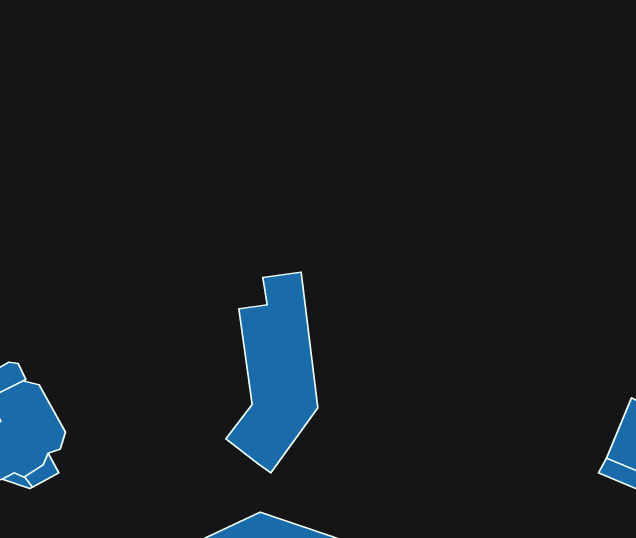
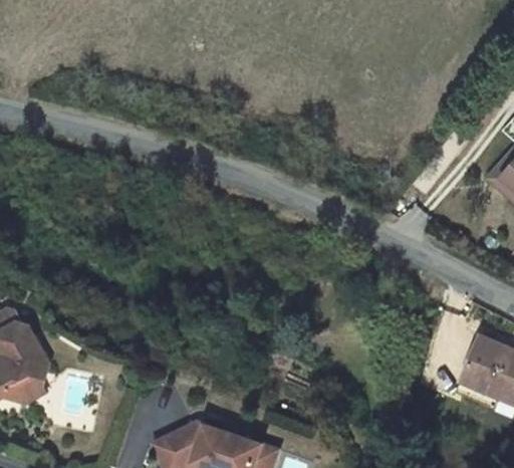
building: [226,272,318,473] -> none

